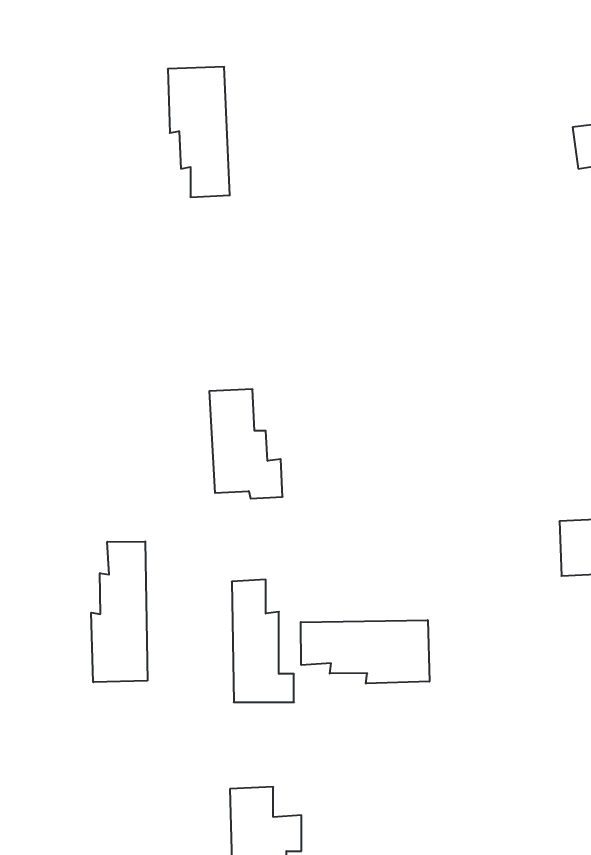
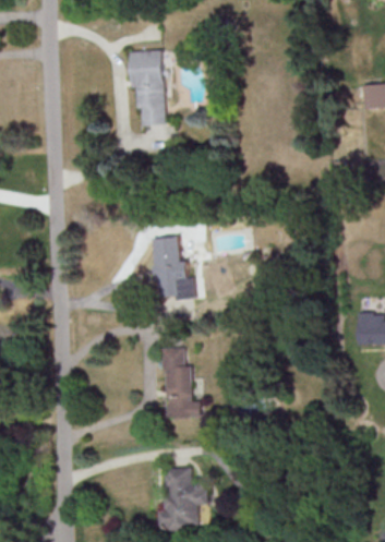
building: [91,541,147,682] -> none
building: [301,620,429,684] -> none

